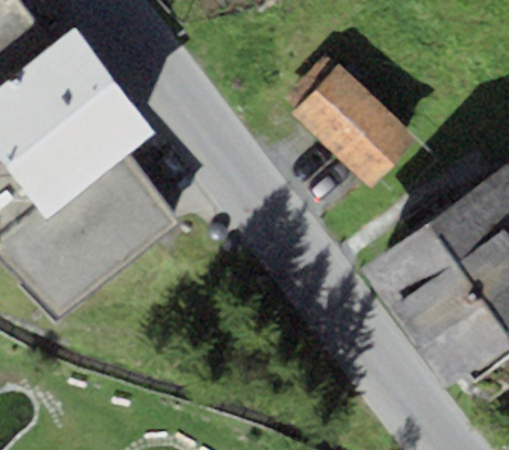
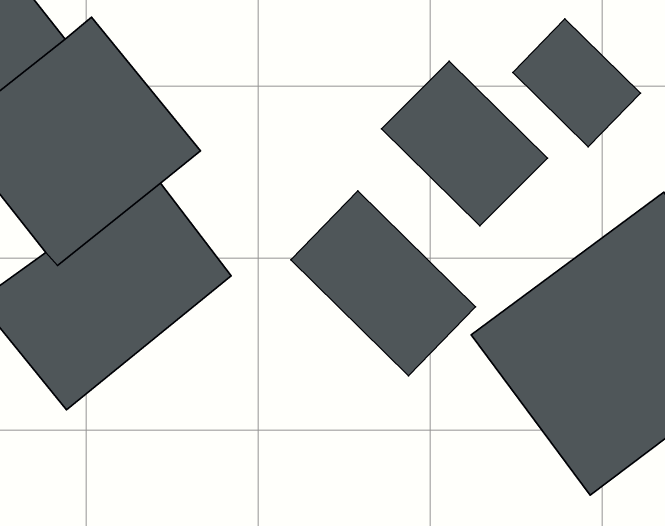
building: none -> [513,19,640,147]
building: none -> [291,191,476,376]

